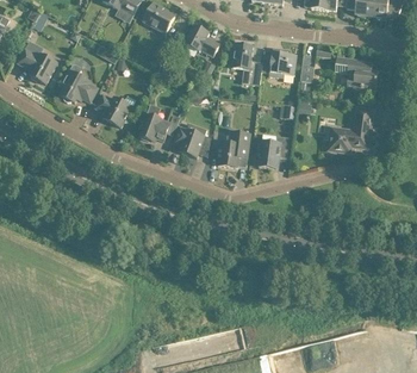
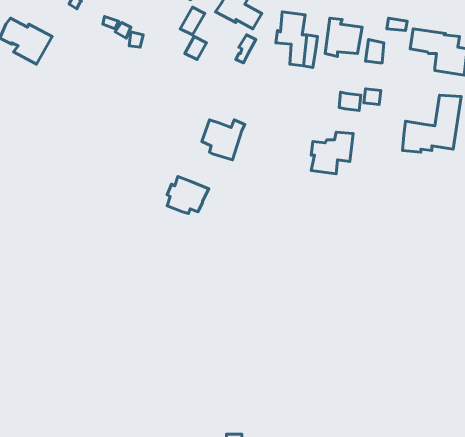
building: [60,64,98,102] -> none
building: [94,94,131,128] -> none
building: [138,113,170,142] -> [167,176,209,213]
building: [217,131,250,168] -> none

